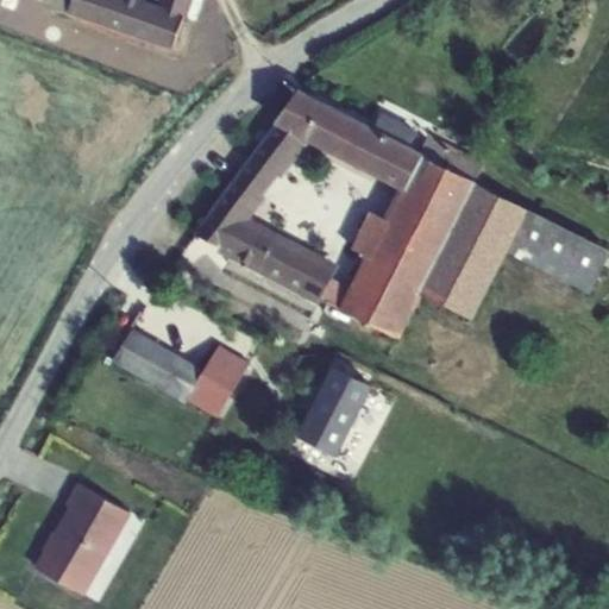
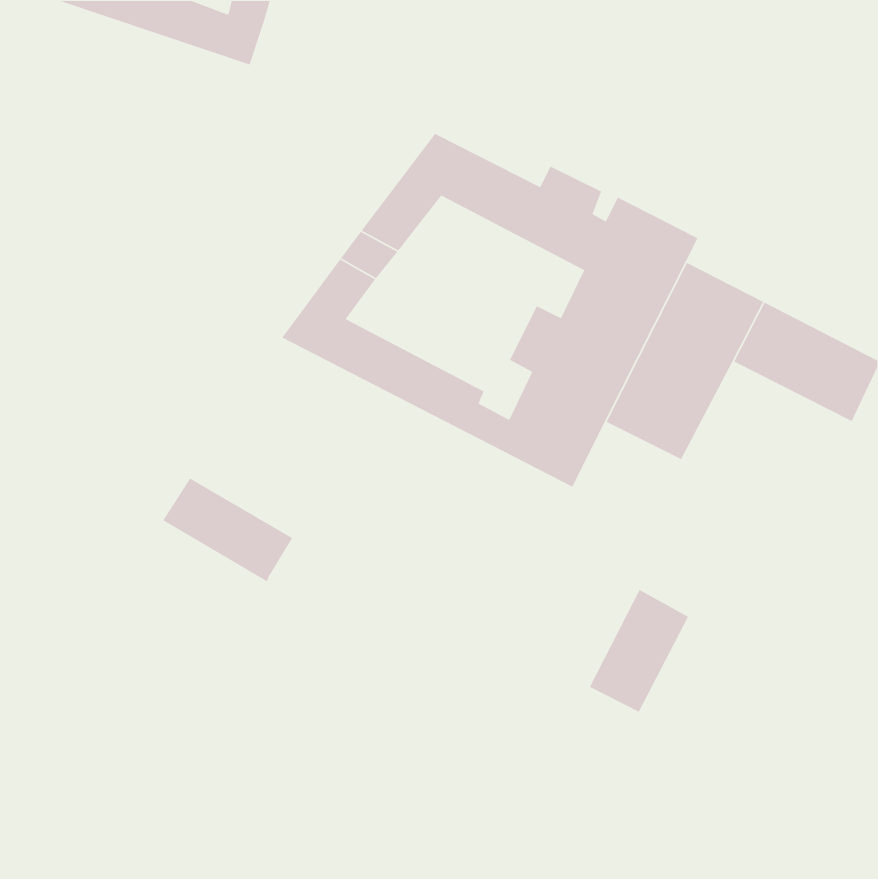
building: [186,346,247,417] -> none
building: [300,368,369,453] -> [589,589,689,713]
building: [36,484,128,595] -> none

